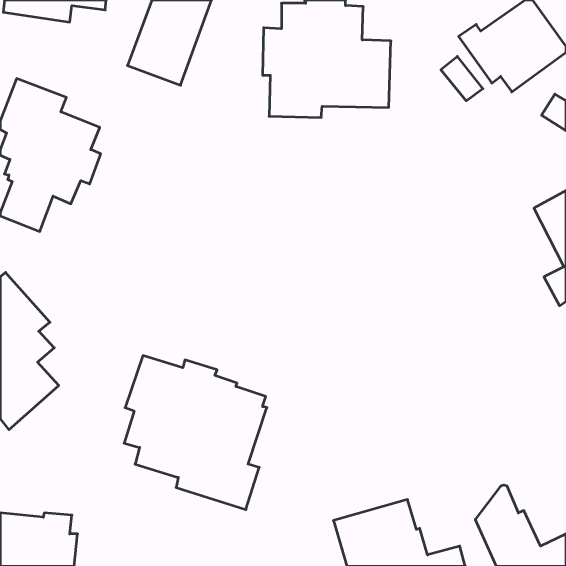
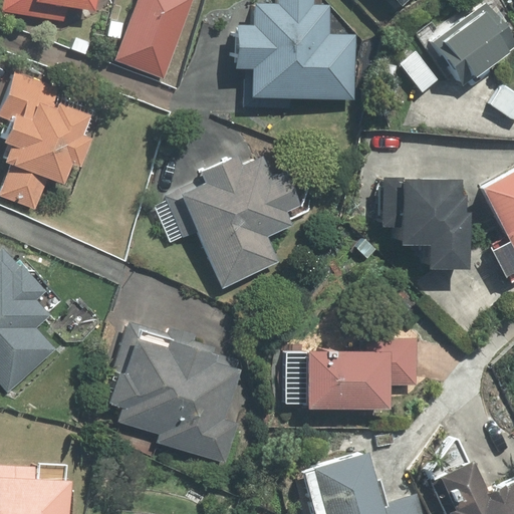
building: none -> [155,158,303,287]
building: none -> [382,177,471,270]
building: none -> [287,338,418,409]

